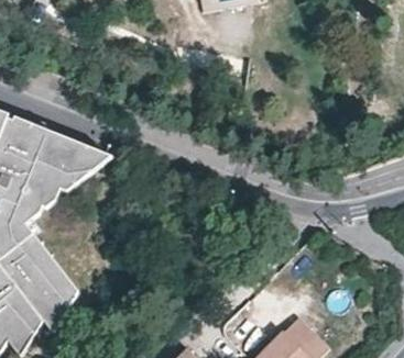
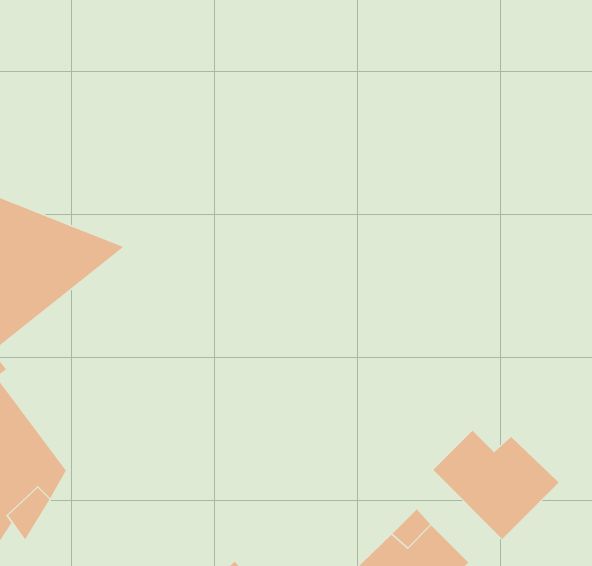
building: none -> [433,430,559,540]

